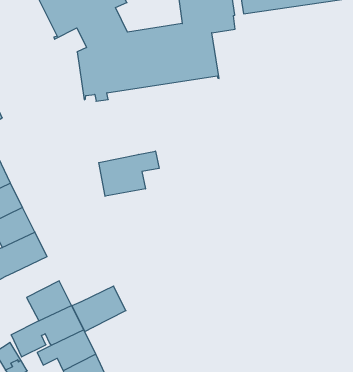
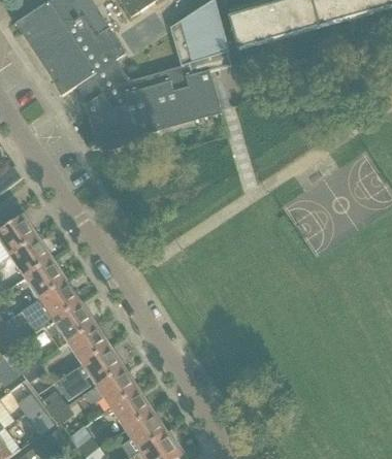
building: [99,151,159,196] -> none
building: [72,286,126,332] -> [43,301,95,348]

